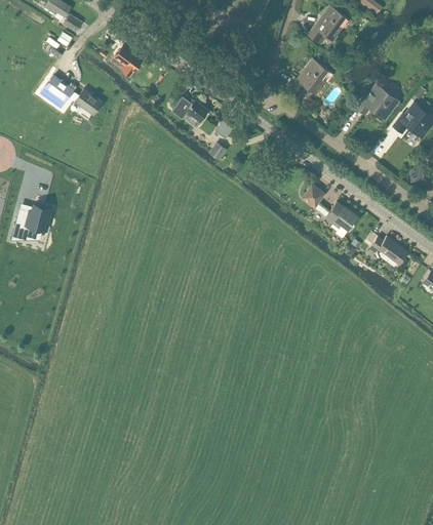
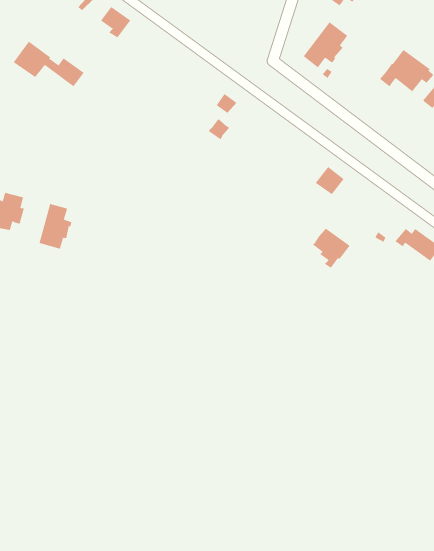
building: [173,96,209,127] -> none
building: [326,202,359,237] -> [312,228,350,268]
building: none -> [39,203,72,250]

